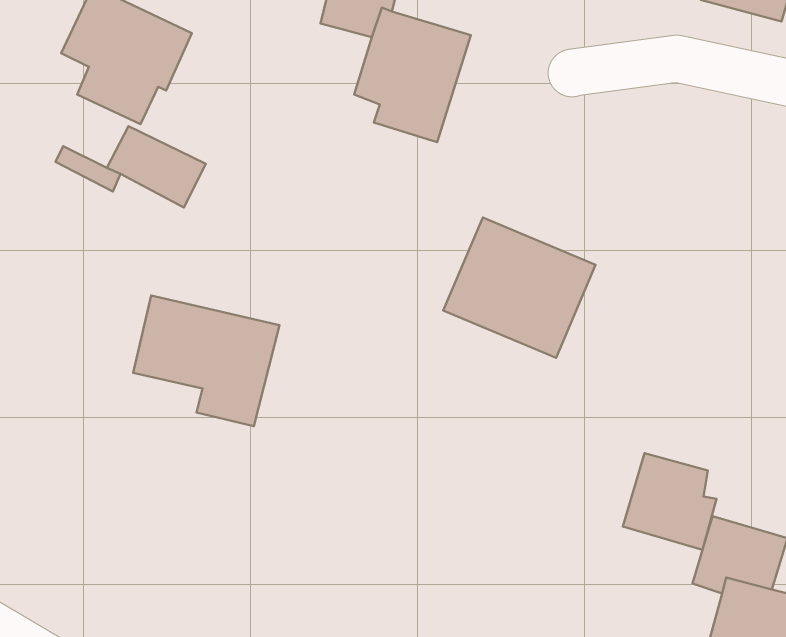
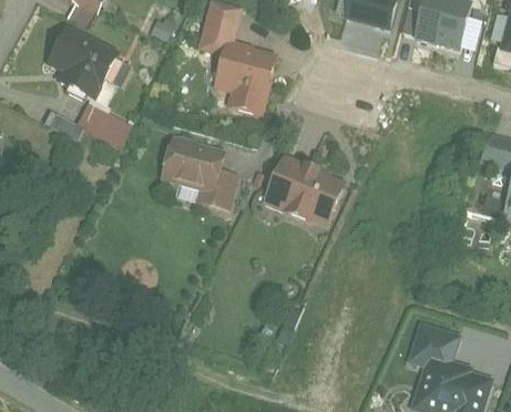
building: [133,296,280,426] -> [164,141,246,214]
building: [623,453,716,550] -> none

